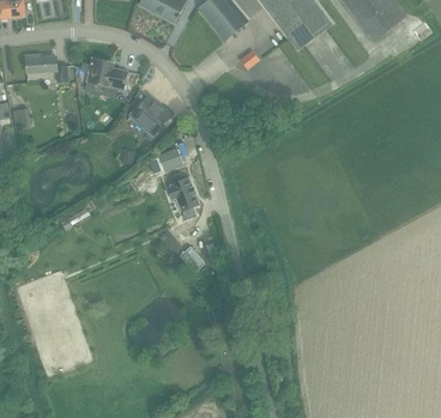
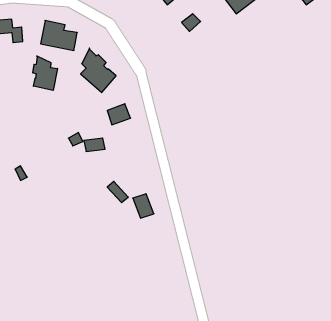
building: none -> [33,56,57,90]
building: [167,176,198,218] -> none

